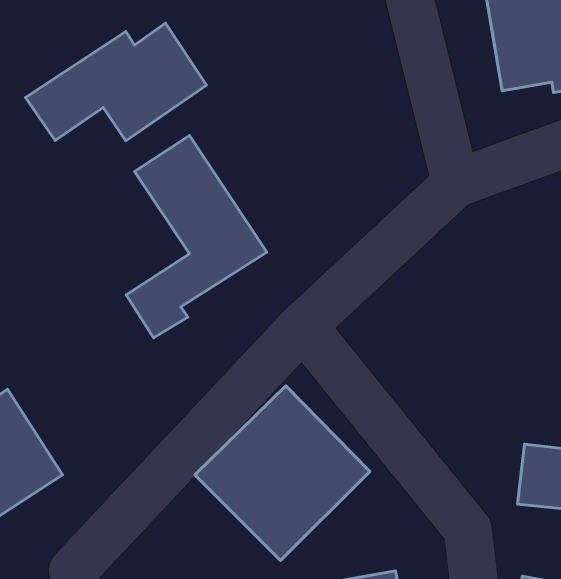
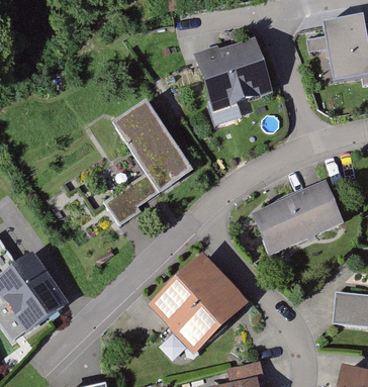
building: none -> [195,37,271,118]
building: [26,23,207,141] -> none
building: none -> [253,183,344,253]

